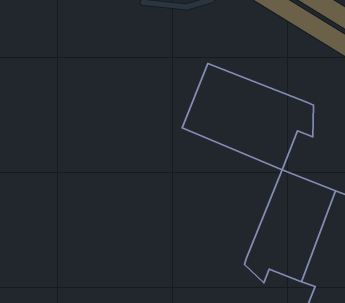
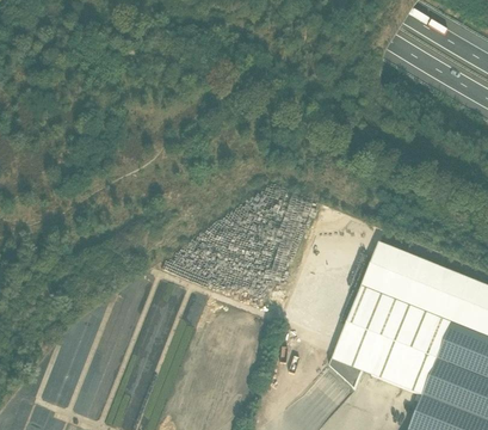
building: [182,63,313,170] -> none

